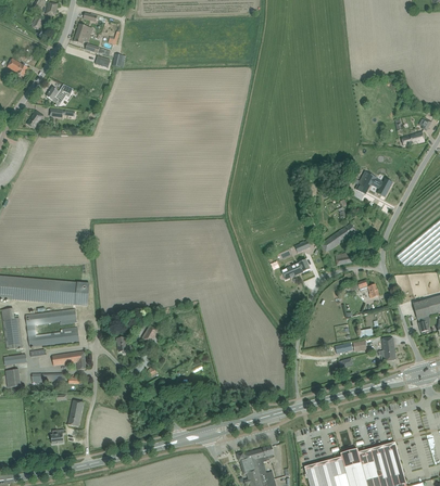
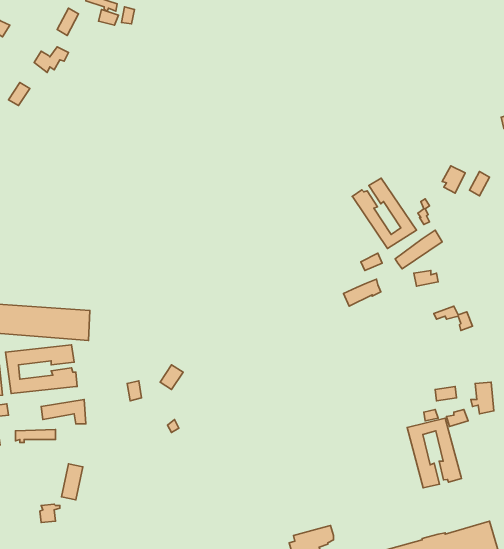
building: none -> [352,178,416,248]
building: none -> [407,418,462,488]

